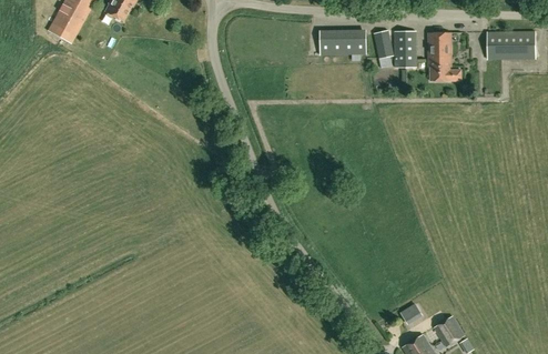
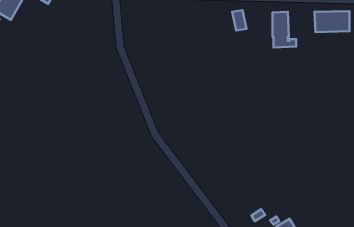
building: [318,29,365,54] -> none
building: [394,31,415,68] -> none

